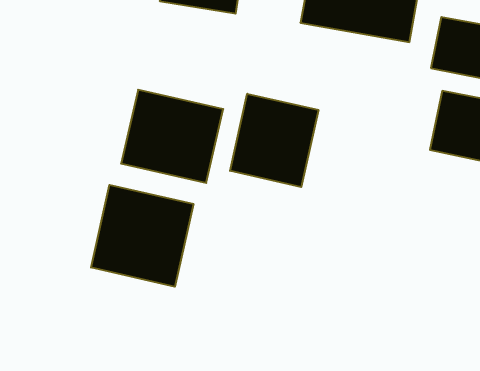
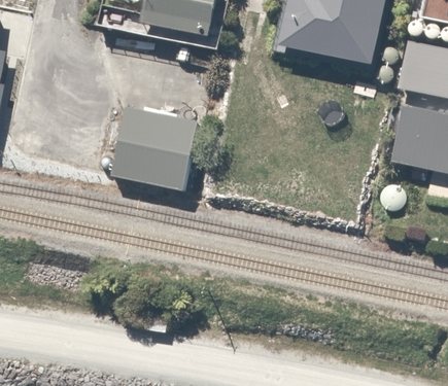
building: [230,94,318,187] -> none
building: [91,185,193,287] -> none

